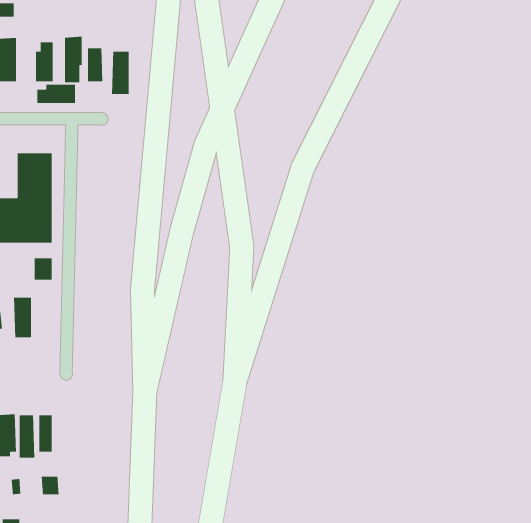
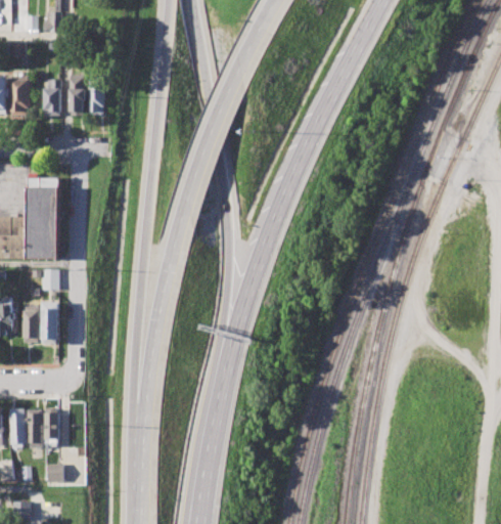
building: [111,51,130,95] -> none
building: [36,84,76,104] -> none
building: none -> [43,303,57,344]

